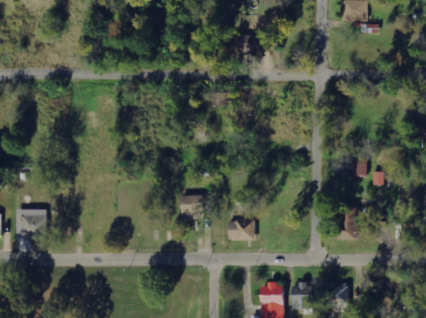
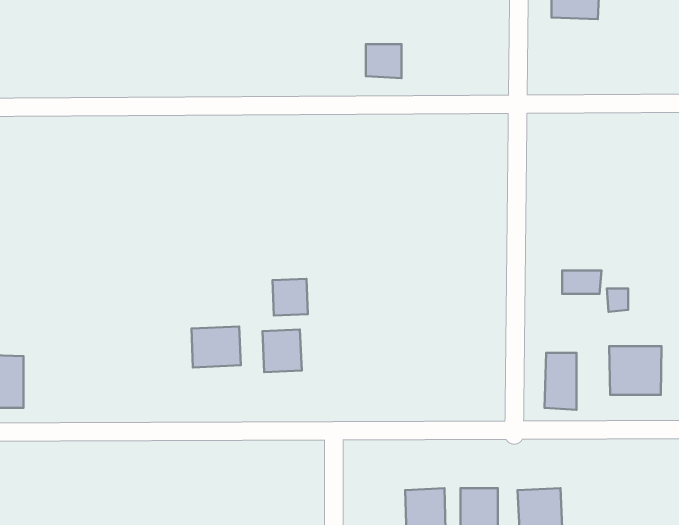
building: none -> [272,279,308,315]
building: none -> [191,326,241,367]
building: none -> [609,346,661,395]
building: [228,219,255,240] -> none

